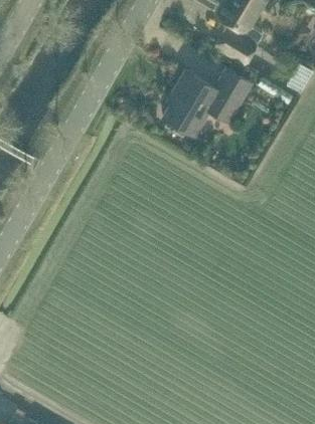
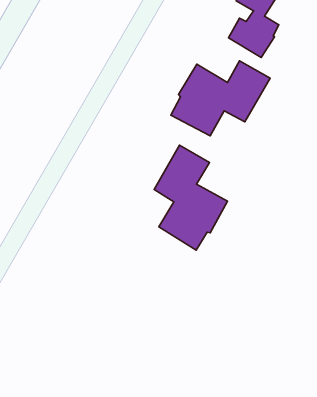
building: none -> [154,145,228,250]

